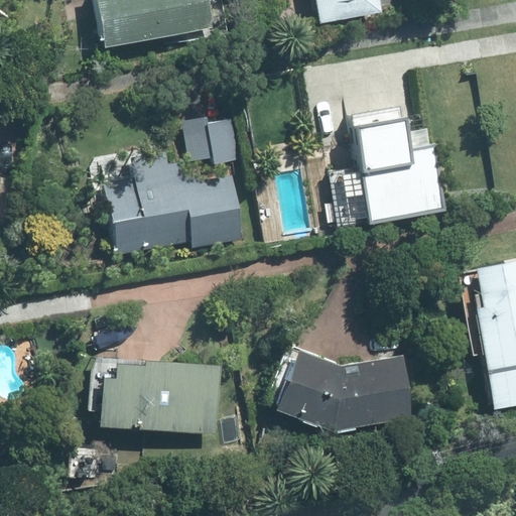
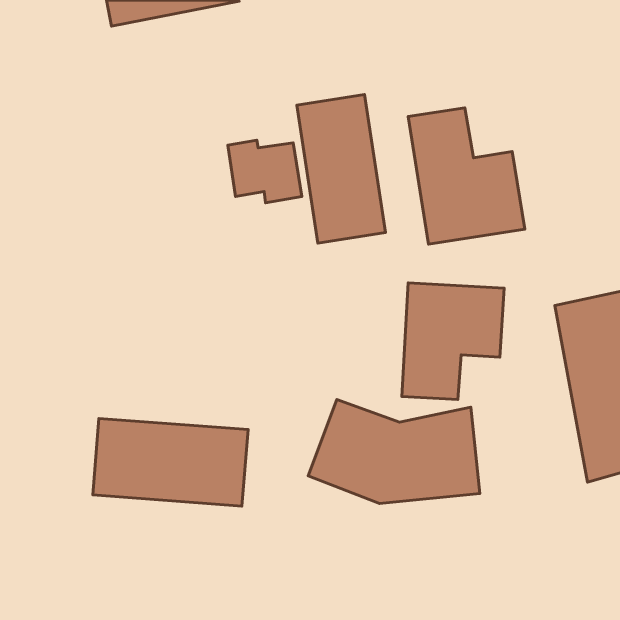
building: none -> [297,94,385,243]
building: [119,164,260,266] -> none
building: none -> [402,283,504,400]

